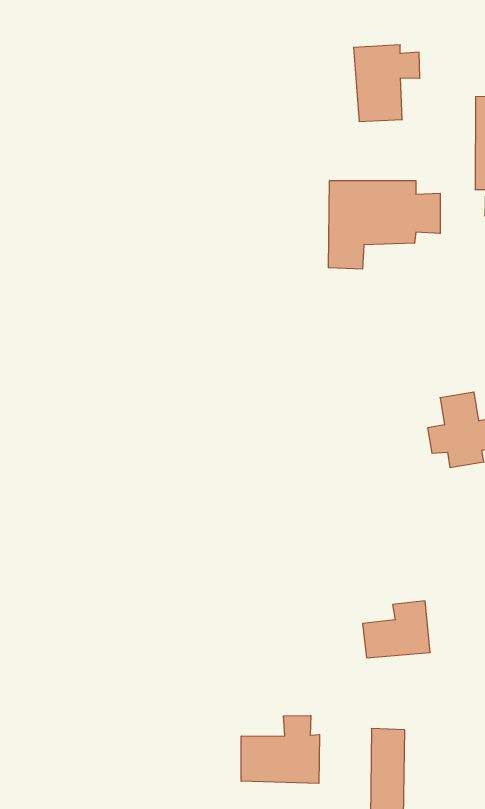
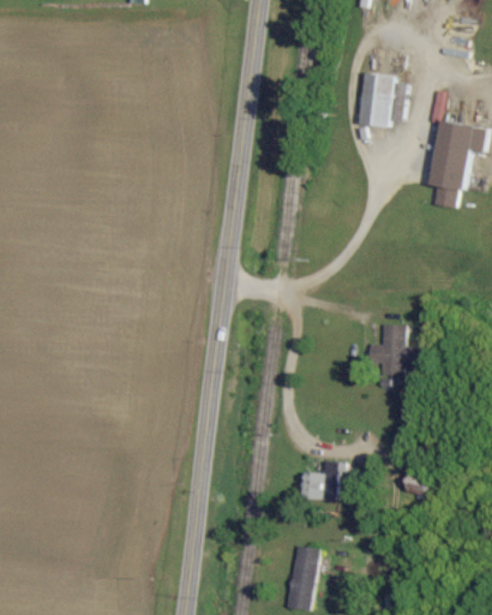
building: [328,180,440,269] -> none
building: [241,715,319,783] -> none

